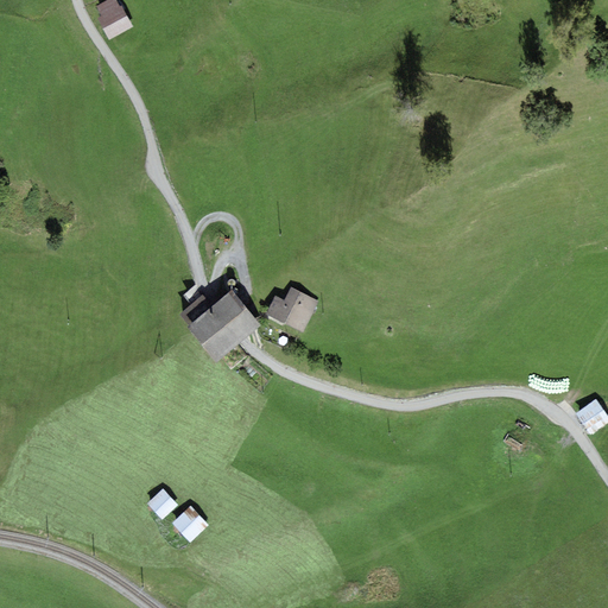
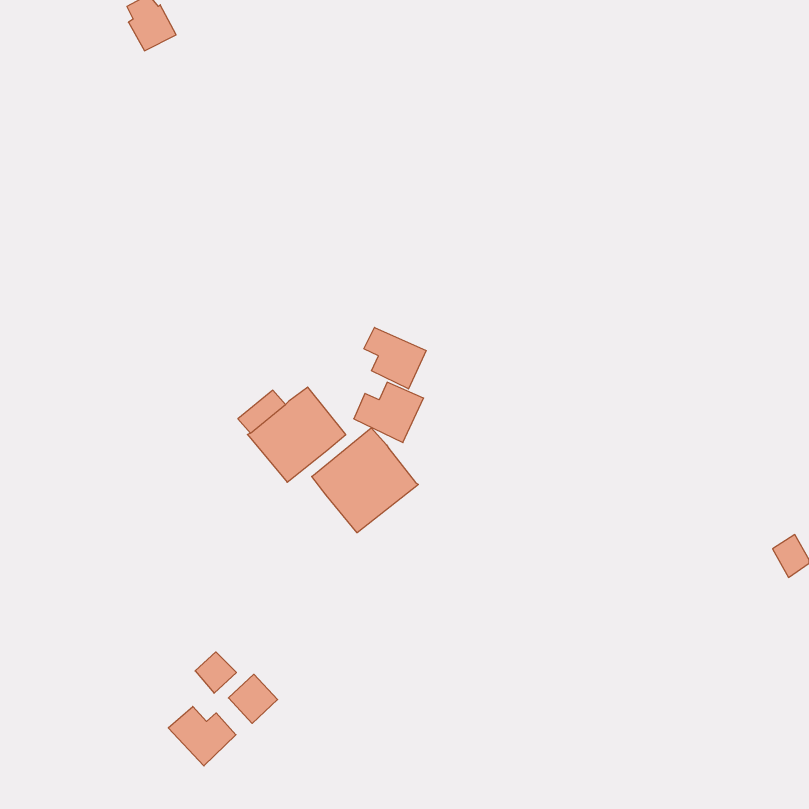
building: none -> [364,327,426,389]
building: none -> [312,428,418,533]
building: none -> [168,706,236,766]

